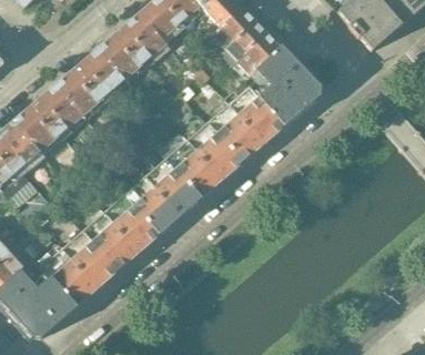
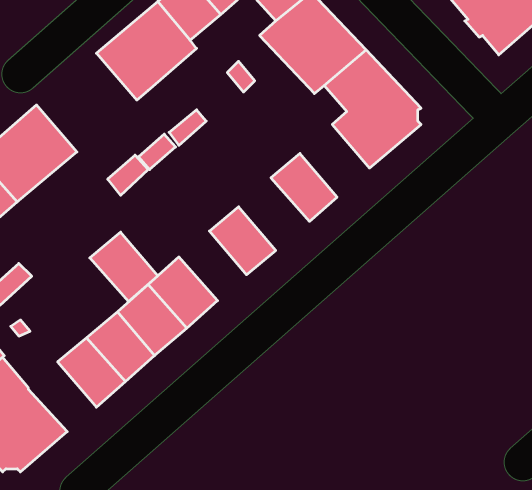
building: [55,48,124,115] -> none
building: [236,97,284,146] -> none
building: [194,133,243,183] -> none
building: [153,170,200,217] -> [90,232,158,302]
building: [50,260,97,307] -> none

